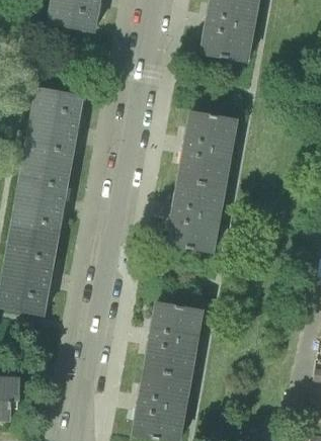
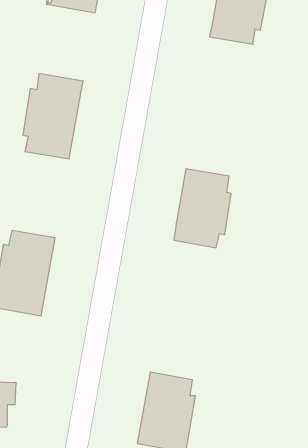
building: [178,112,233,185] -> none
building: [12,162,69,243] -> none
building: [145,302,199,375] -> none

